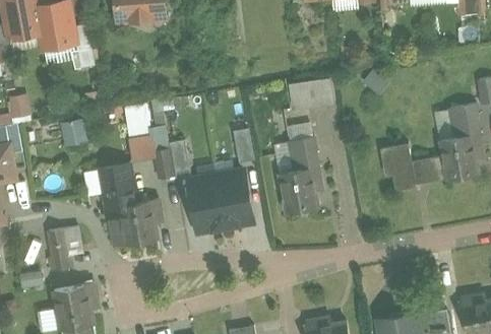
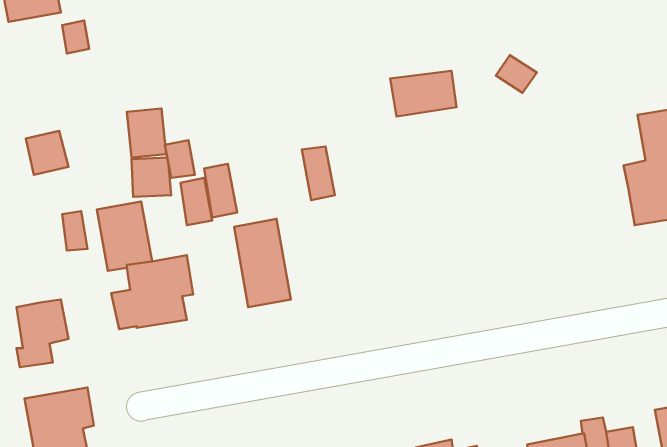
building: [280,137,322,212] -> none
building: [380,143,447,191] -> none
building: [217,170,252,226] -> none

